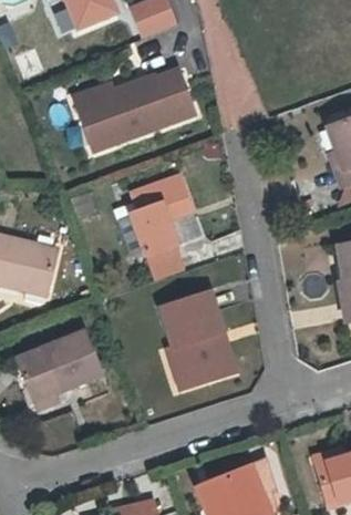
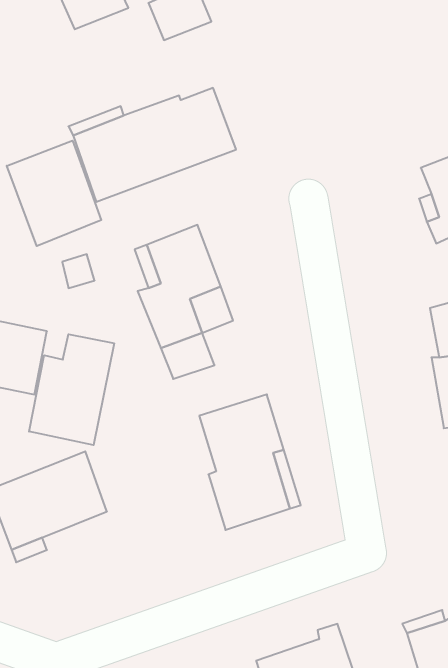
building: none -> [7,141,101,246]
building: none -> [29,334,114,445]

